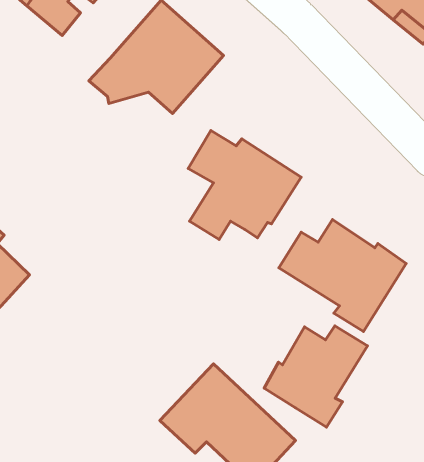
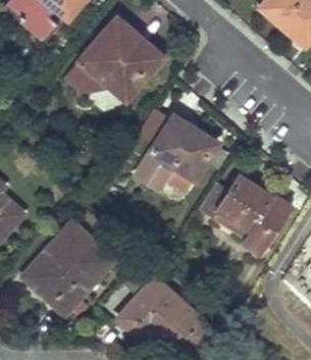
building: none -> [23,221,112,312]
building: [264,326,368,427] -> none

